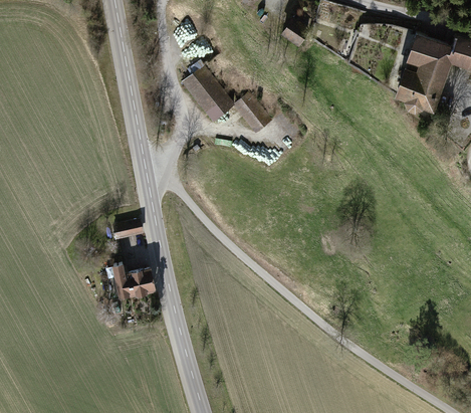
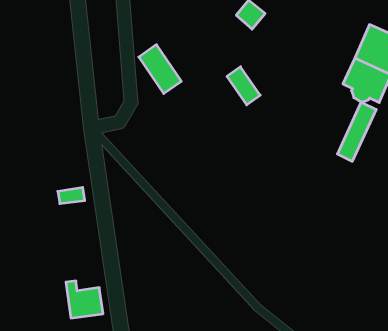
building: [236,94,271,133] -> [227,67,260,105]
building: none -> [337,102,376,161]
building: [114,262,155,300] -> [66,281,103,318]

